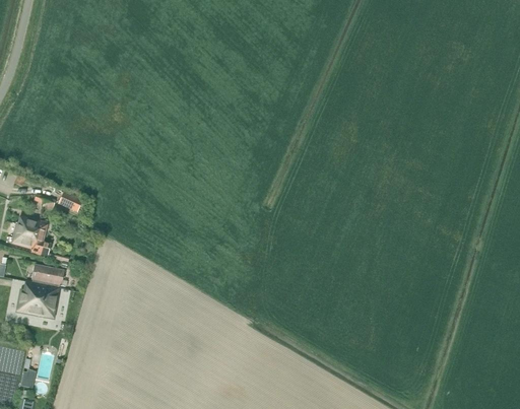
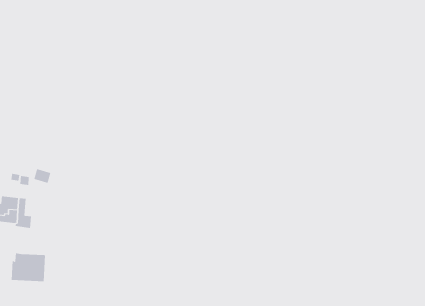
building: [30,264,64,288] -> none

